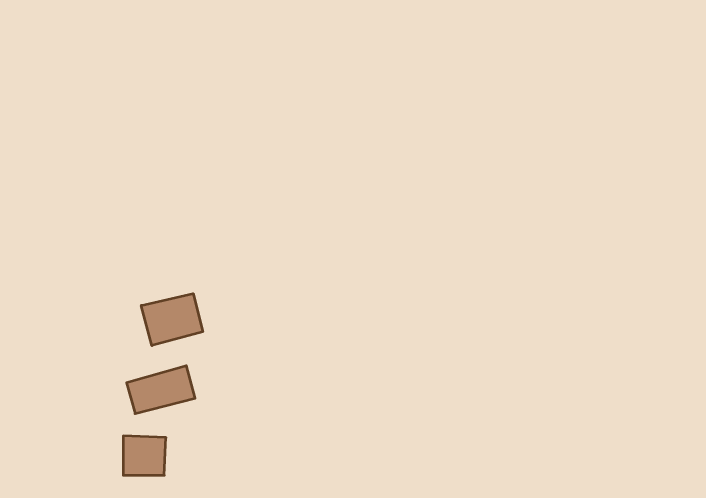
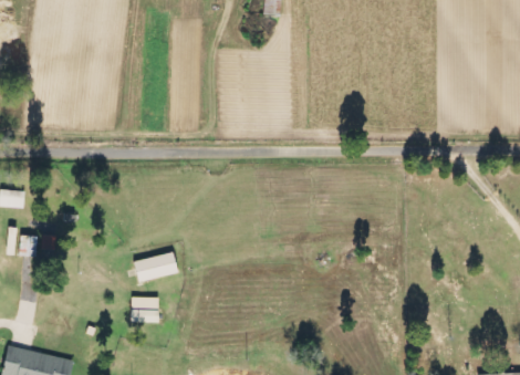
building: [141,294,203,346] -> none

